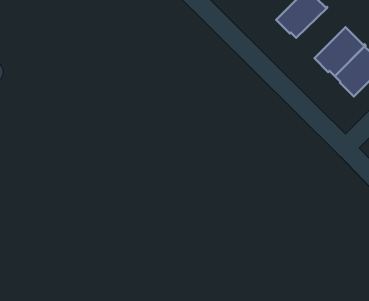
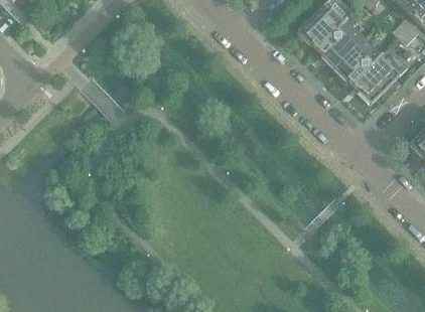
building: none -> [318,19,365,66]

